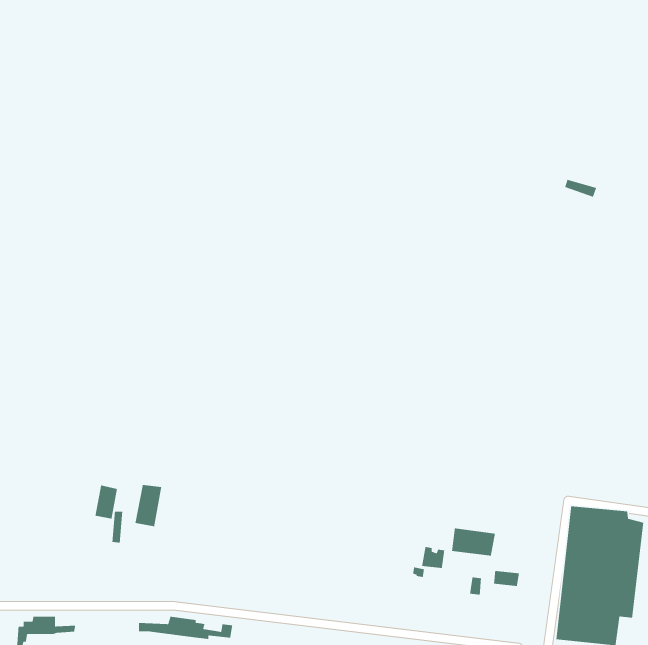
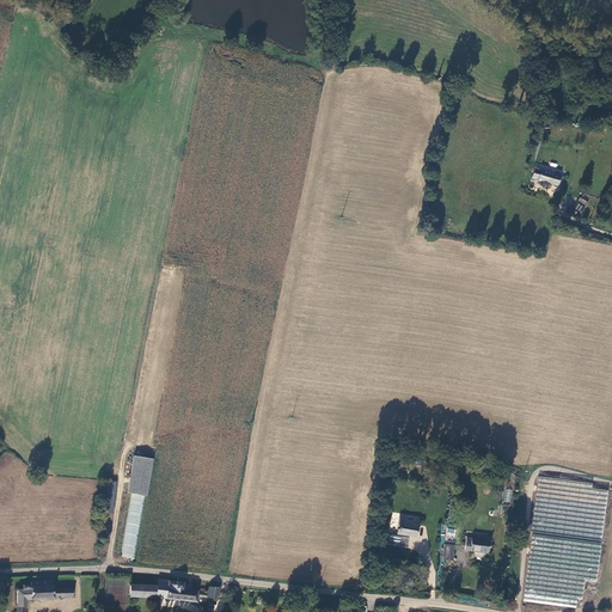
building: [95,484,118,519] -> none
building: [451,528,496,557] -> none

